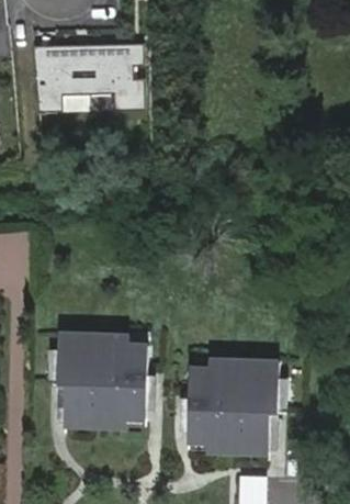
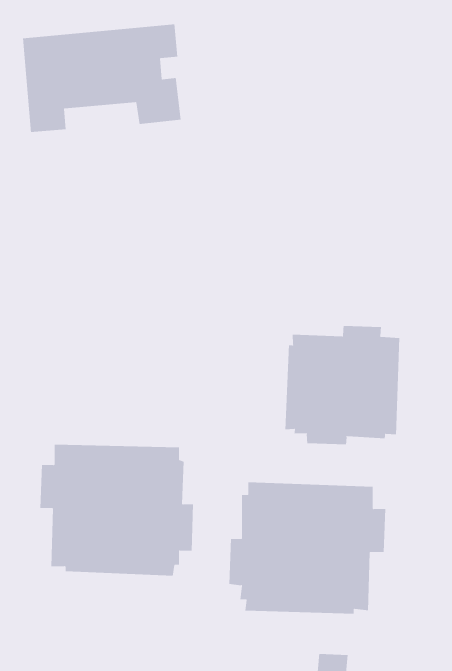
building: none -> [285,325,400,445]

